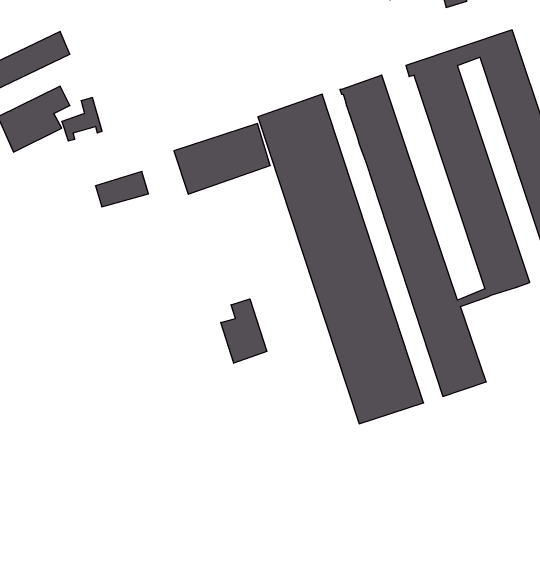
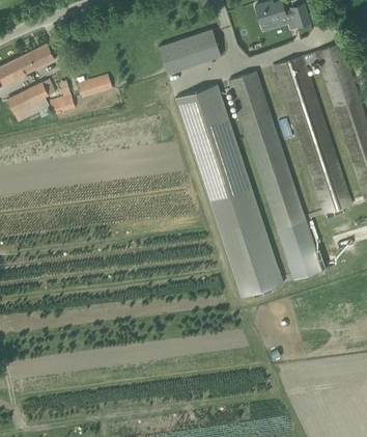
building: [174,124,270,194] -> [160,30,222,76]
building: [95,171,148,207] -> [79,74,113,97]
building: [221,299,267,363] -> none

